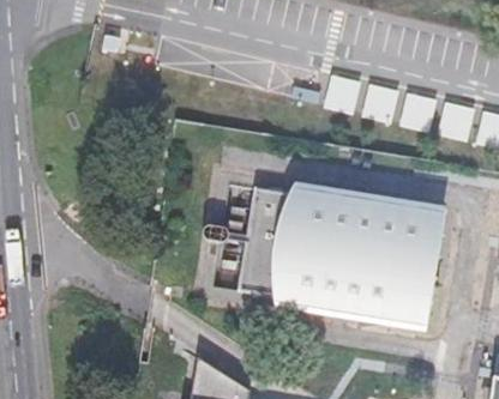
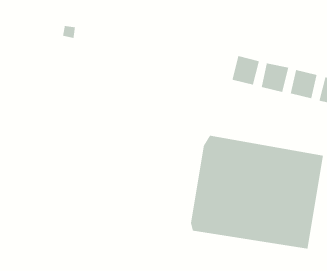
building: [238,188,288,296] -> none

